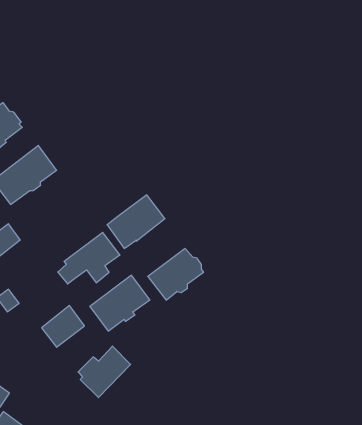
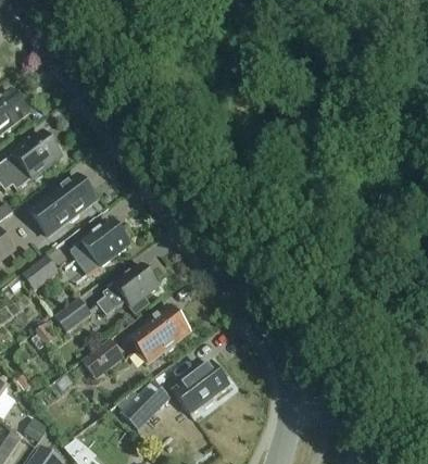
building: [107,195,165,249] -> [71,220,129,274]
building: [148,249,204,300] -> [173,361,229,413]
building: none -> [54,297,91,331]

